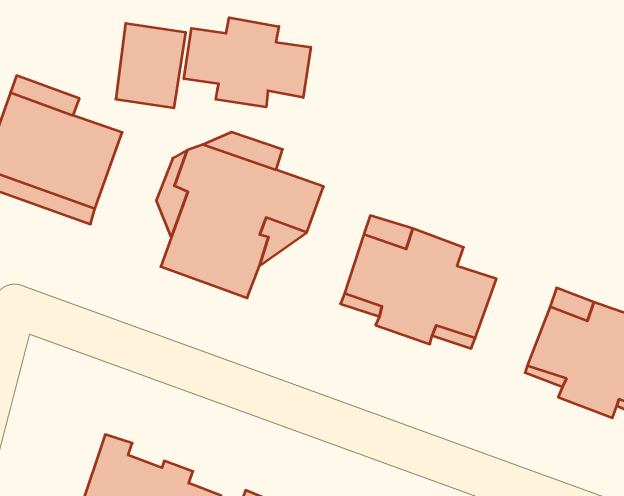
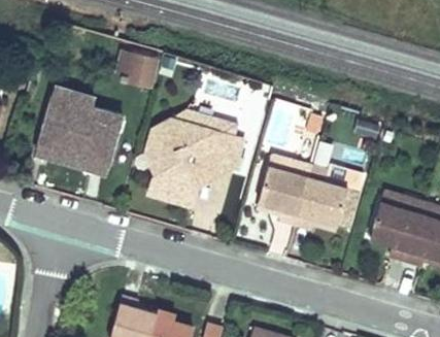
building: [184,18,311,107] -> none

